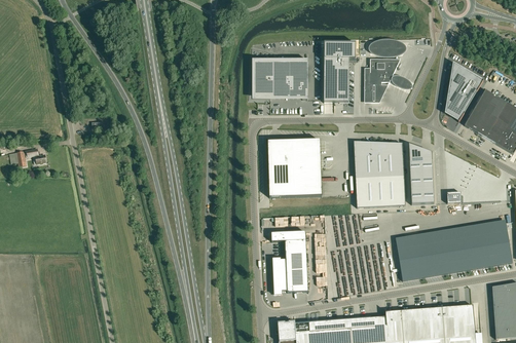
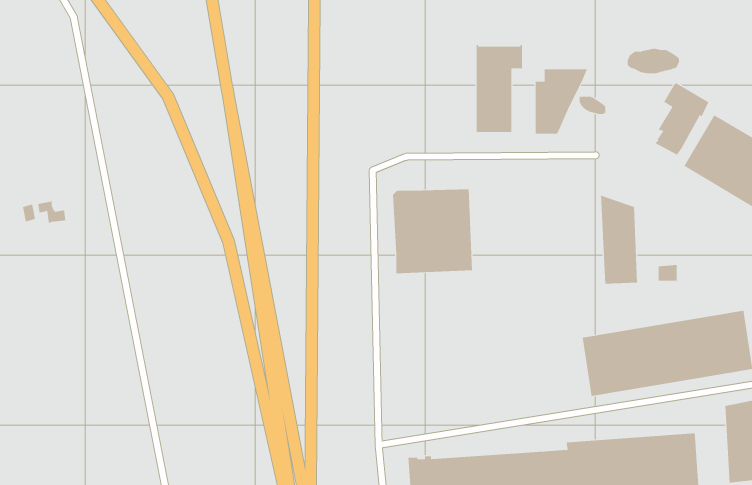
building: [371,39,407,56] -> [627,48,680,74]
building: [255,62,306,96] -> none
building: [354,140,405,206] -> none
building: [271,230,307,294] -> none

